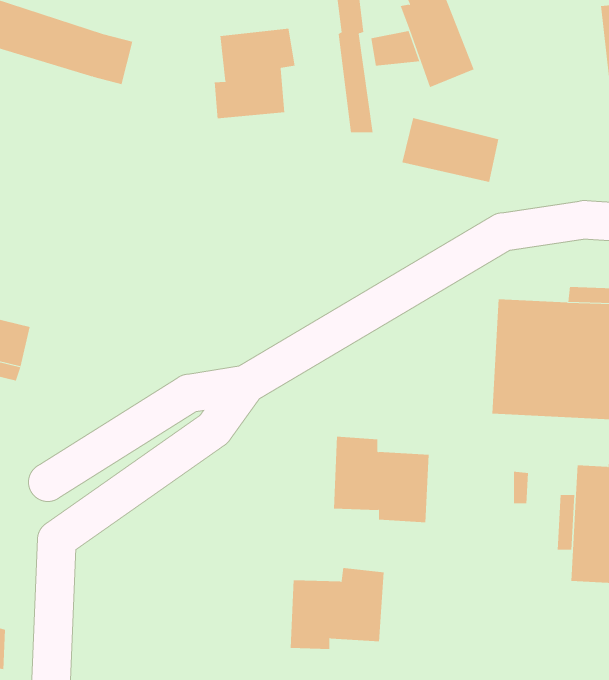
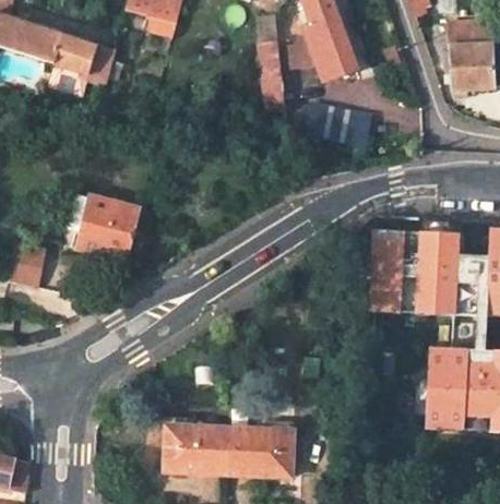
building: [214,28,295,119] -> none
building: none -> [66,193,139,259]
building: [333,436,429,523] -> [162,415,229,476]

